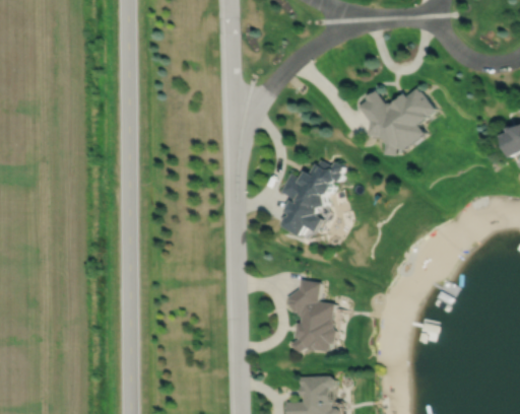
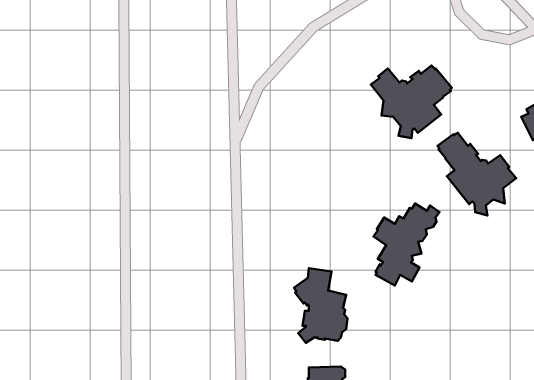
building: none -> [438,133,516,216]
building: [281,160,344,238] -> [374,203,440,286]

